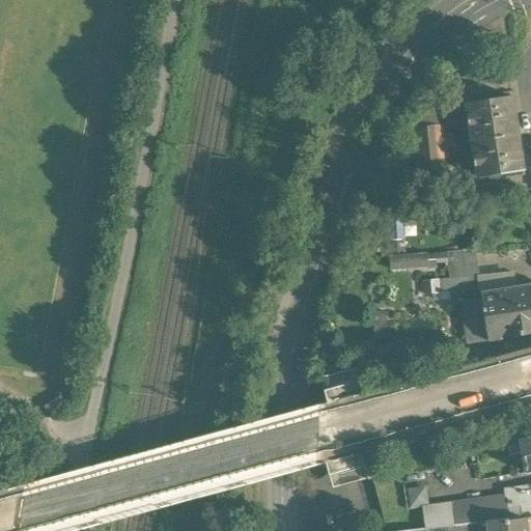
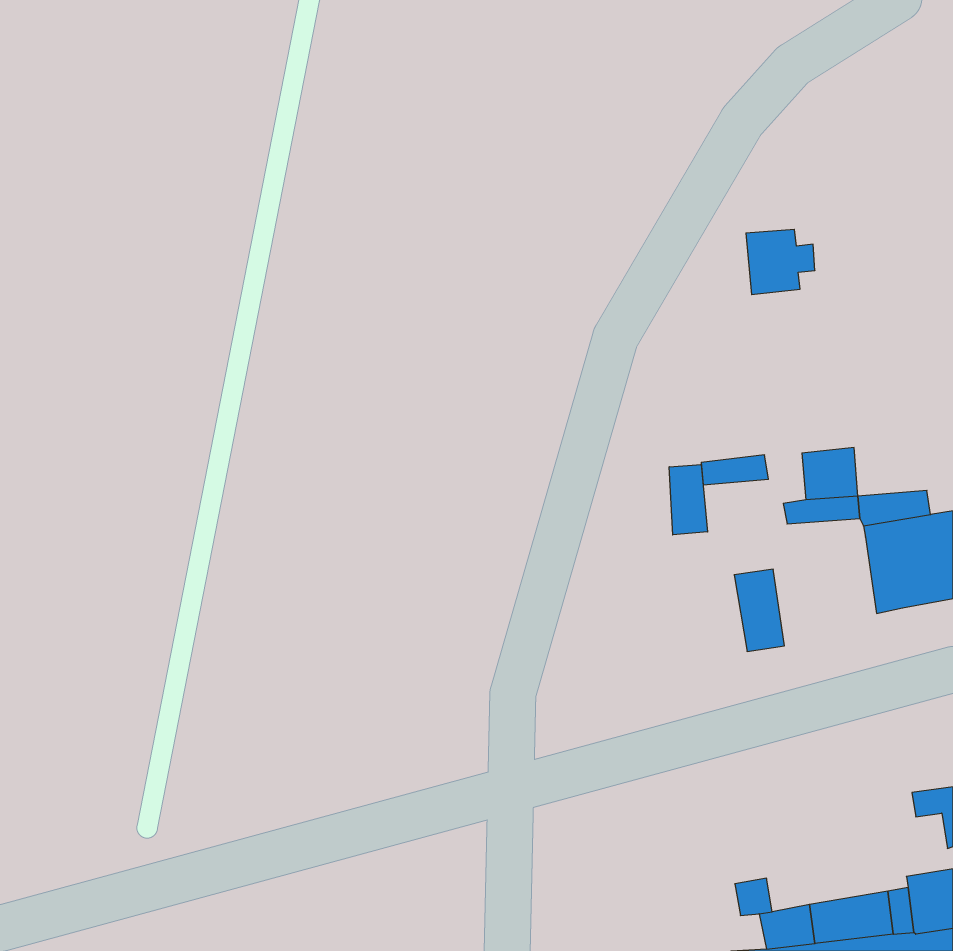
building: [467,95,522,176] -> none
building: none -> [669,464,708,535]
building: [459,299,487,344] -> [734,569,784,651]

